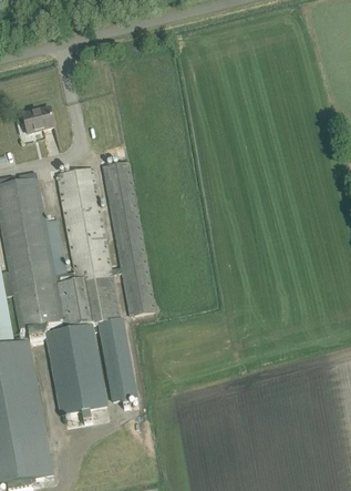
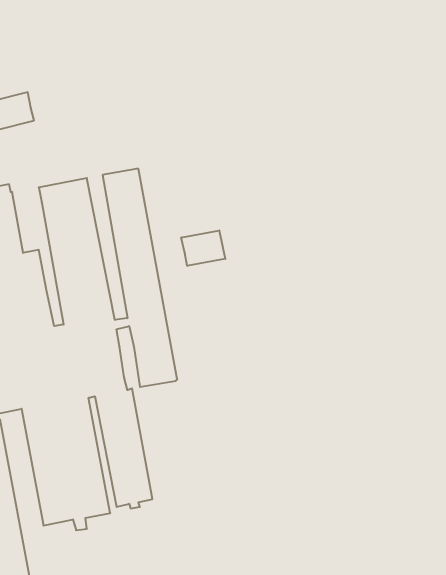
building: none -> [181,230,225,266]

